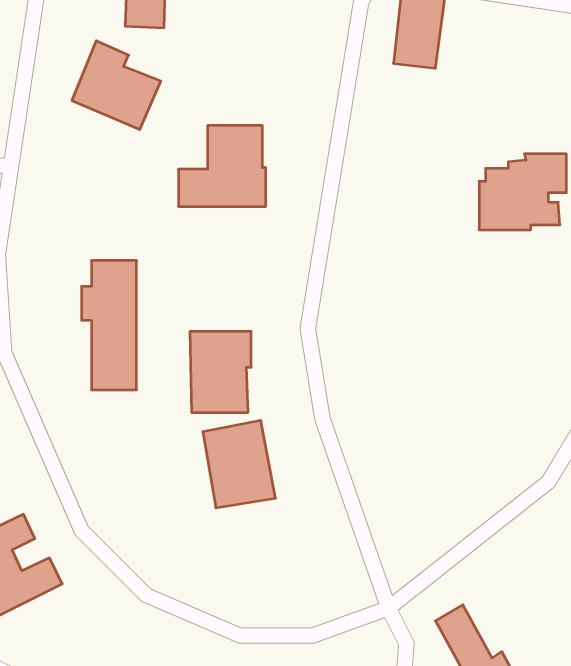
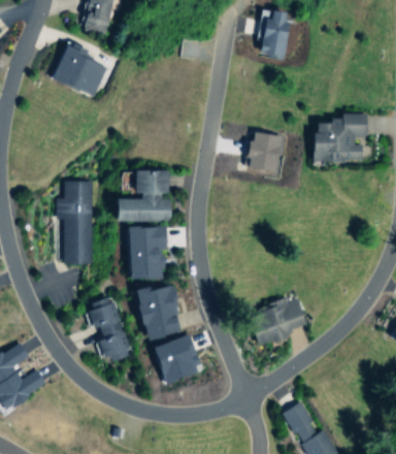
building: [178,126,266,206] -> [116,170,171,222]
building: none -> [248,132,286,173]
building: none -> [87,296,132,363]
building: none -> [249,297,310,346]
building: none -> [153,335,202,384]

